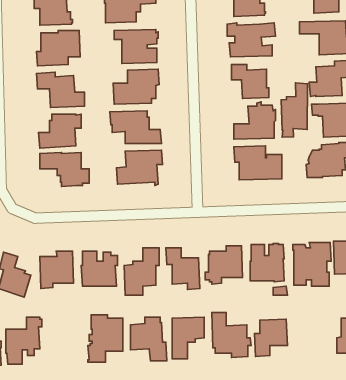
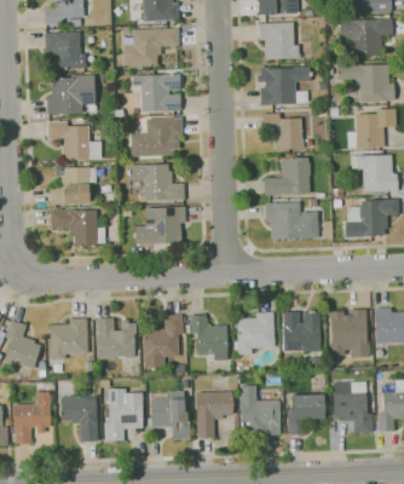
building: [281,83,308,137] -> none
building: none -> [333,381,373,433]
building: none -> [59,396,98,442]

